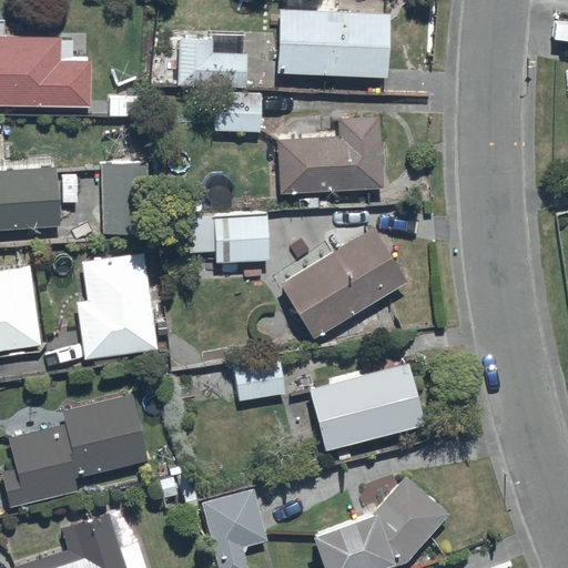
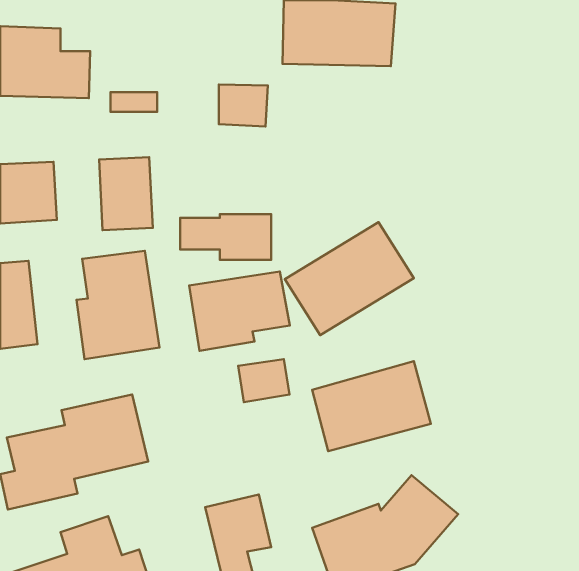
building: [179,38,248,89] -> none
building: [280,116,379,192] -> none
building: none -> [189,271,290,351]

